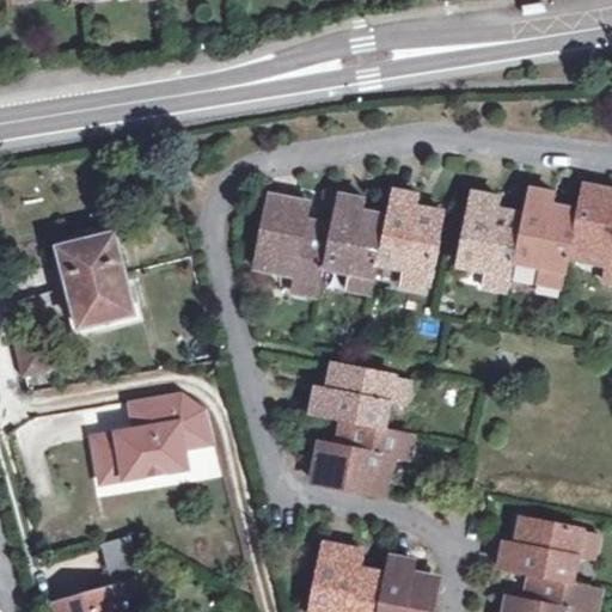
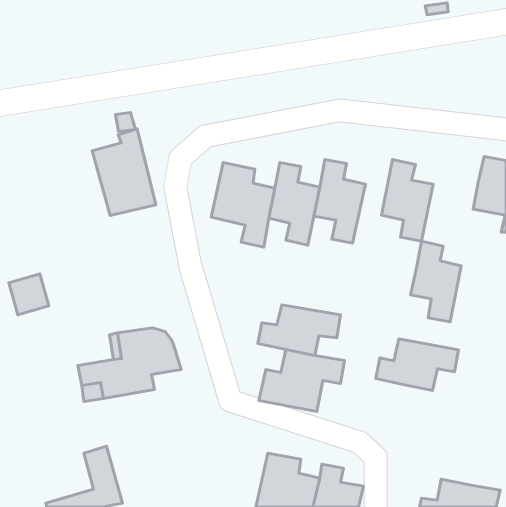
building: [513,189,574,286] -> [410,241,461,322]
building: [57,221,134,325] -> [92,129,156,216]
building: [497,520,596,582] -> [376,339,458,391]

